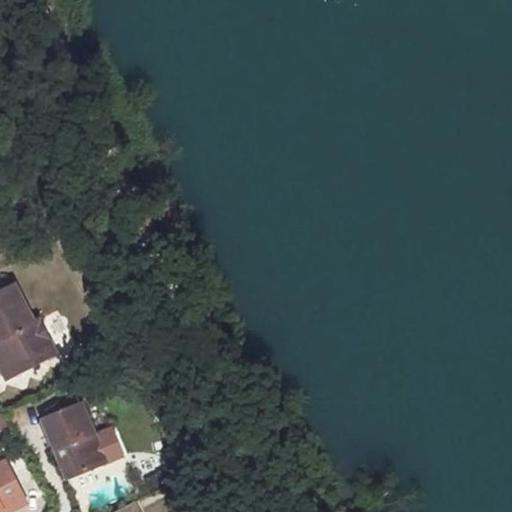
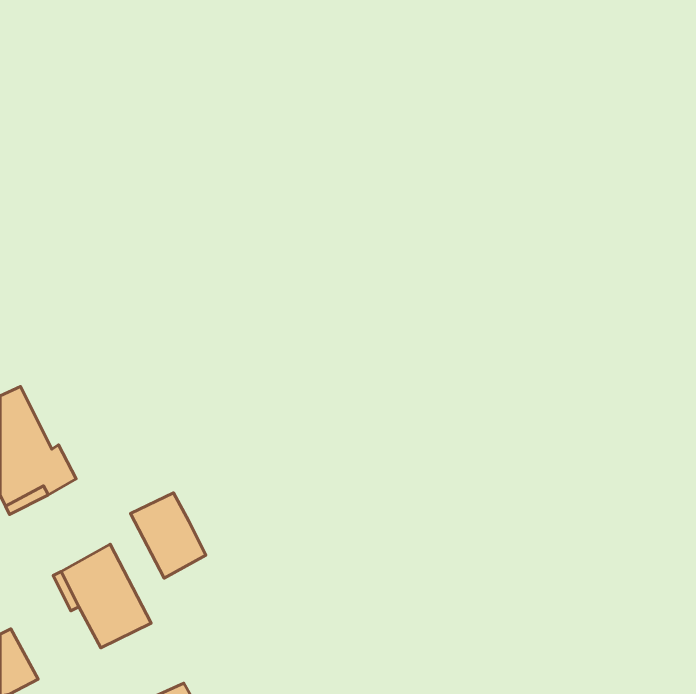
building: none -> [130,493,206,578]

